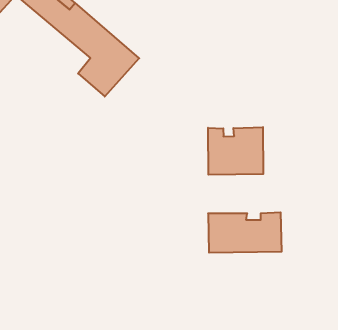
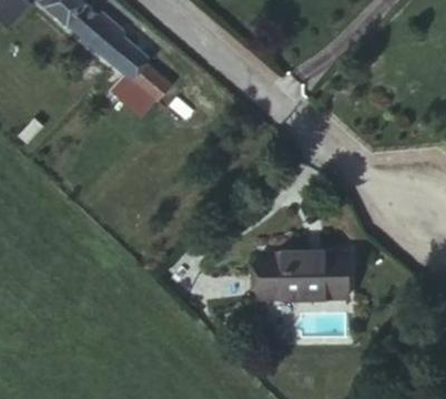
building: [208,127,263,175] -> none

